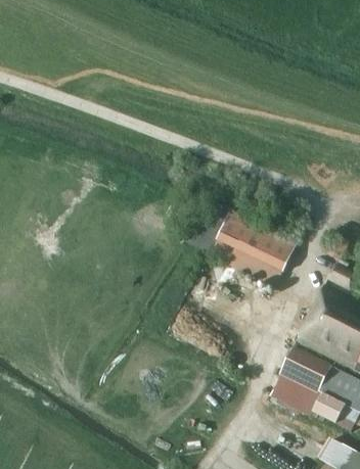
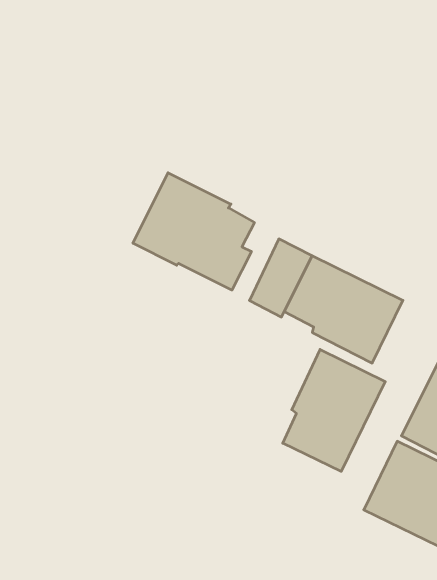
building: none -> [133,173,254,290]
building: none -> [283,349,385,471]

